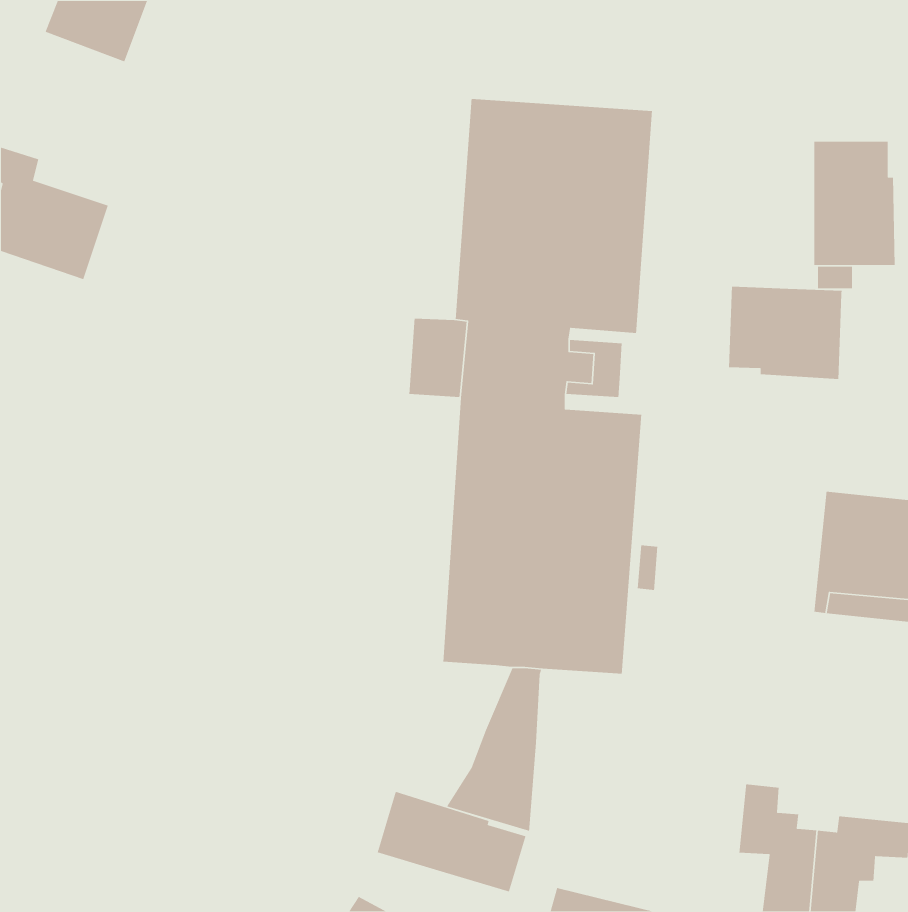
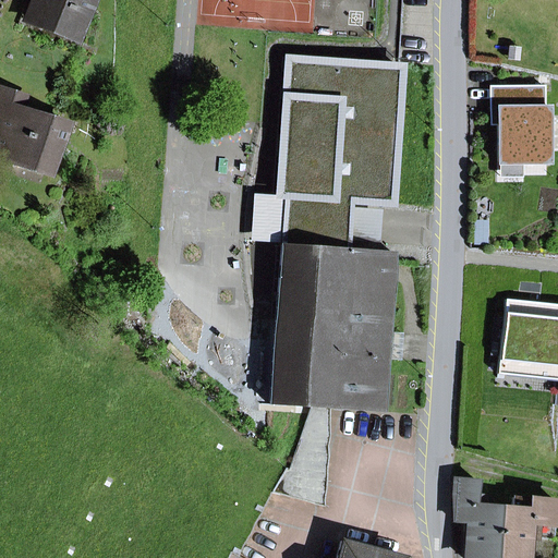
building: [728,286,842,380] -> none
building: [377,791,526,893] -> none

